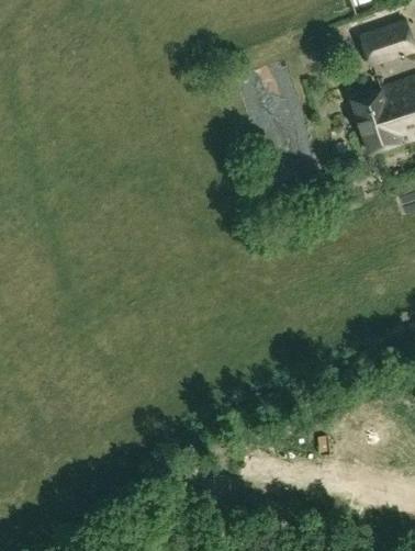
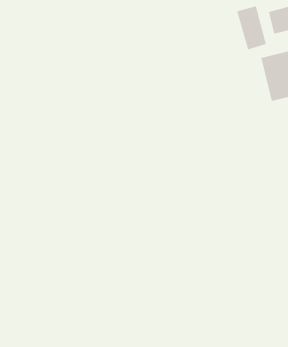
building: none -> [237,6,266,50]

